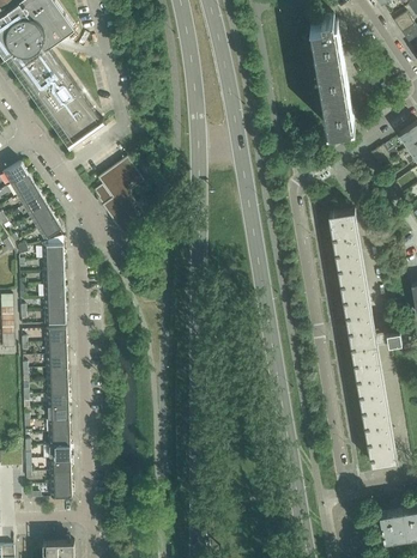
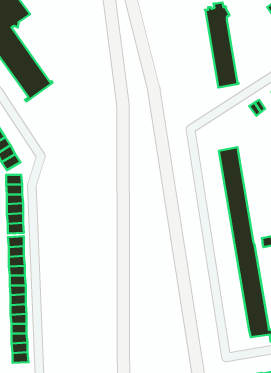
building: [93,157,147,236] -> none

